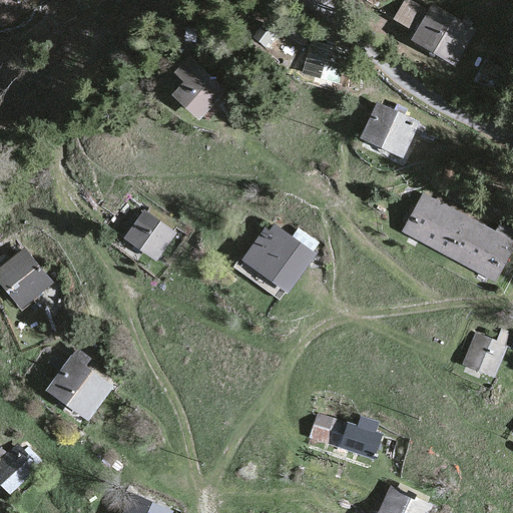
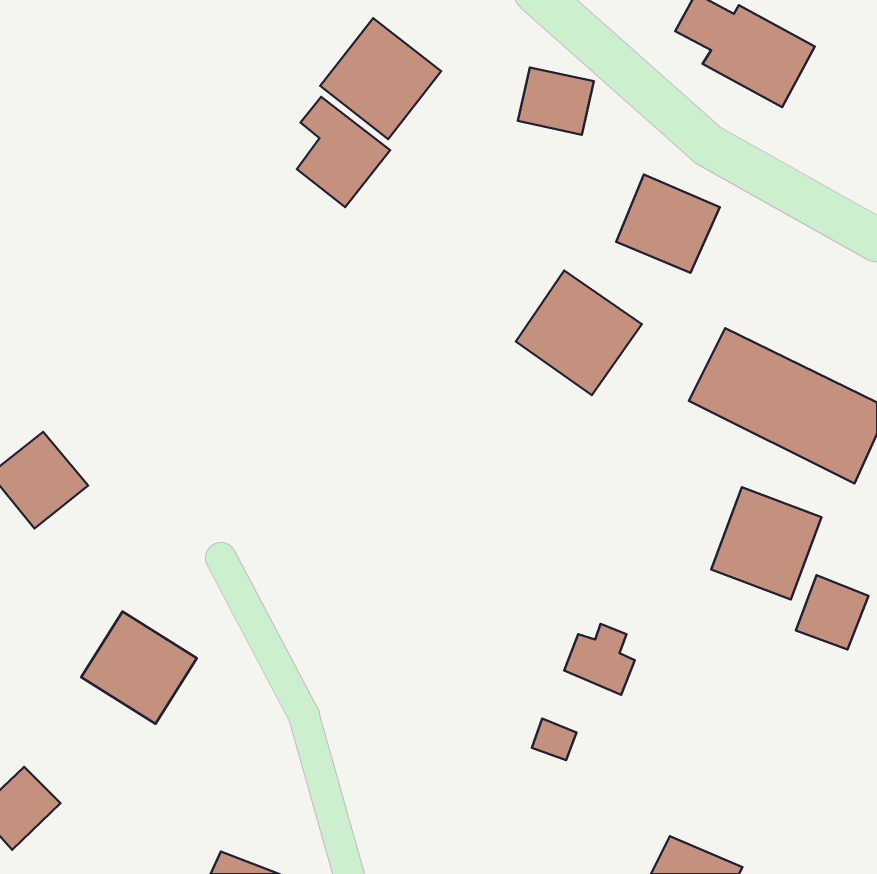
building: none -> [320,18,441,139]
building: [122,210,174,261] -> none
building: [241,224,315,297] -> [516,271,642,395]
building: none -> [711,487,822,599]
building: [339,417,380,458] -> [564,624,635,695]

